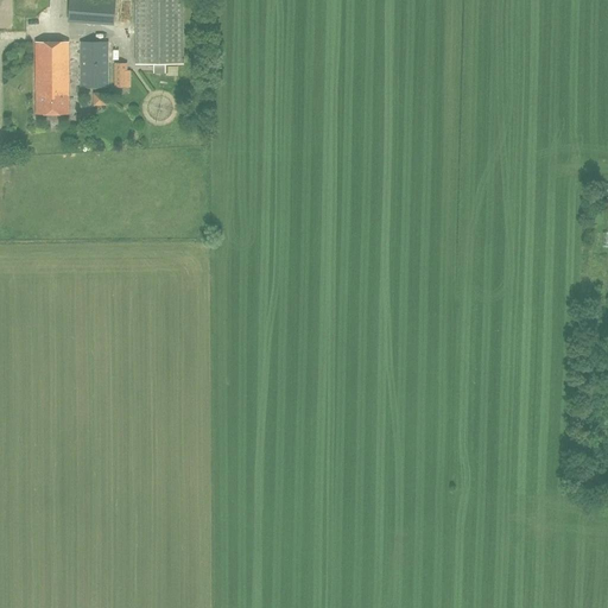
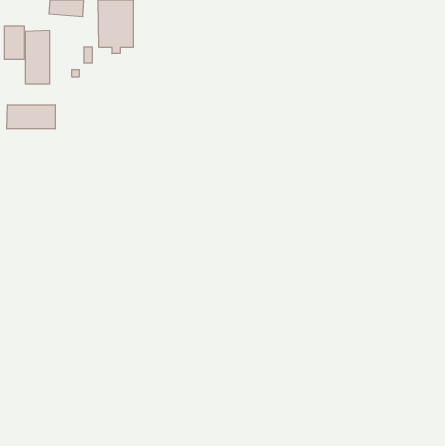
building: [80,42,107,87] -> [4,26,24,59]
building: none -> [7,105,55,129]

